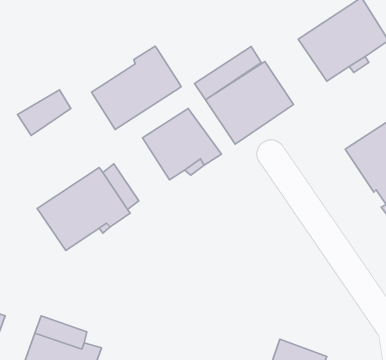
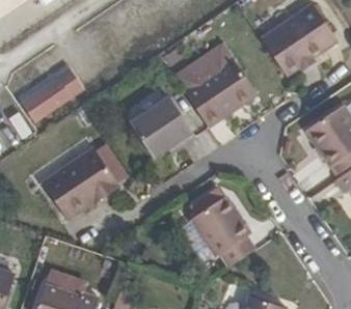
building: [91,46,181,130] -> none
building: none -> [191,196,254,266]

